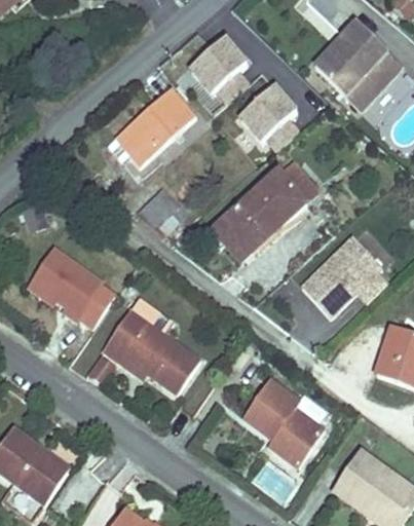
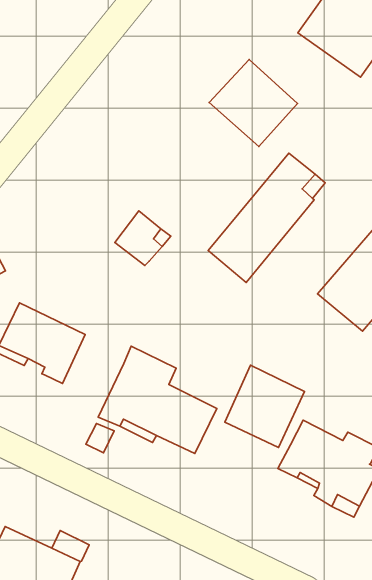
building: [184,31,250,106] -> none
building: [108,89,195,164] -> none
building: none -> [225,365,304,447]

